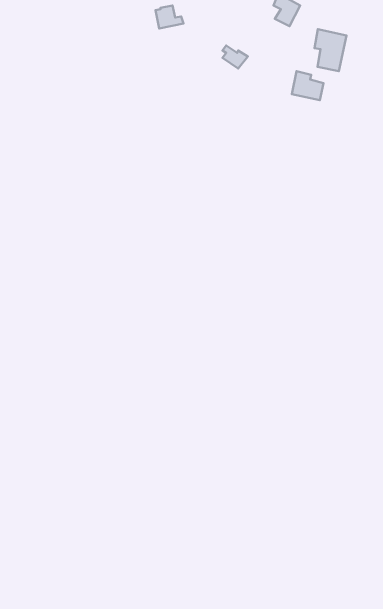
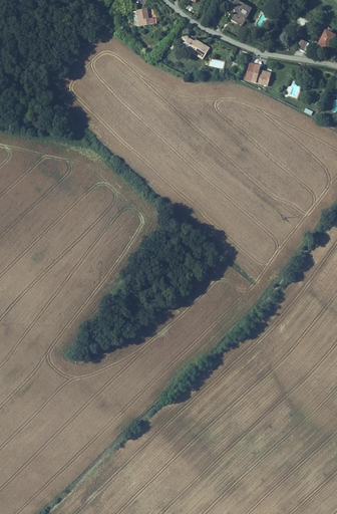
building: [314,29,346,71] -> none

